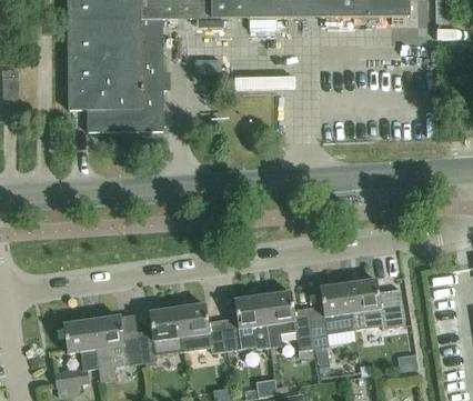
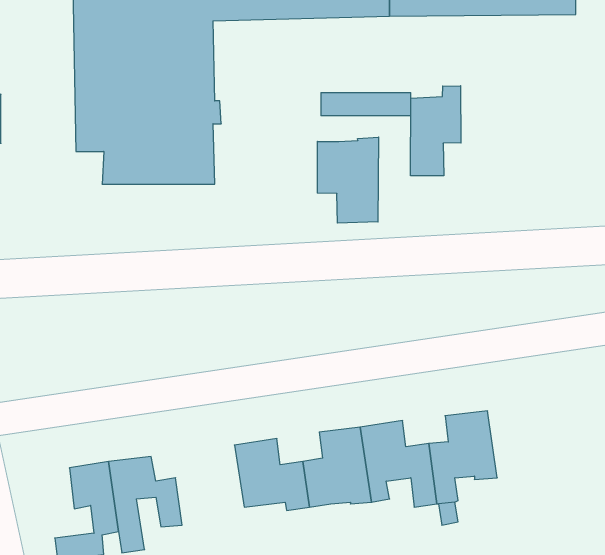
building: none -> [411,86,461,176]
building: none -> [317,137,379,223]
building: [349,280,405,330] -> none
building: [137,308,183,362] -> none

